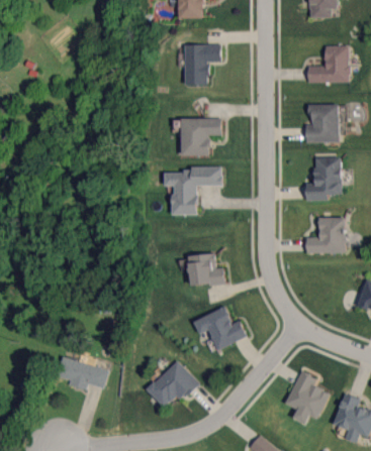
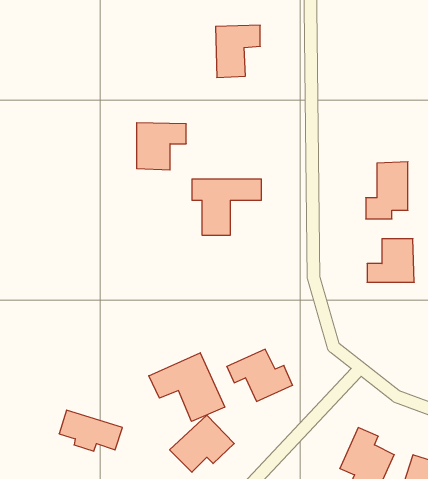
building: [307,45,348,82] -> none
building: [305,104,338,142] -> none
building: [180,117,220,155] -> [137,123,186,170]
building: [188,253,223,286] -> none
building: none -> [149,353,225,421]

